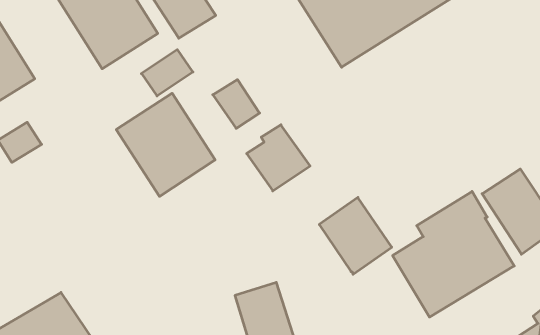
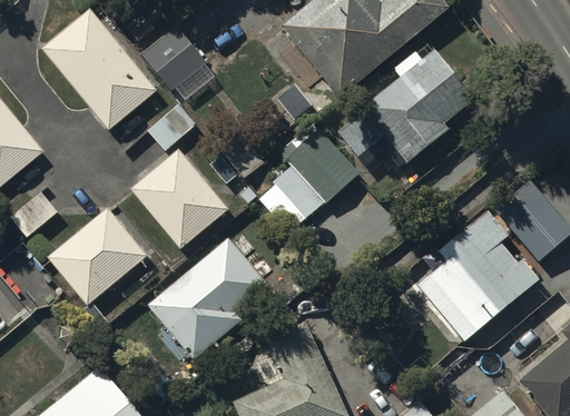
building: none -> [337,55,476,169]
building: none -> [46,206,148,307]
building: none -> [146,237,268,361]
building: [319,197,392,274] -> [285,128,358,204]

